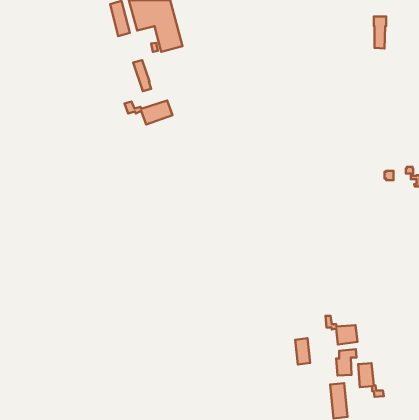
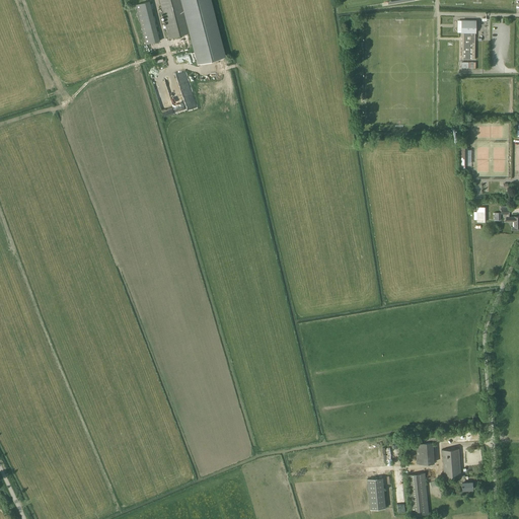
building: [125,100,173,125] -> none
building: [325,316,358,344] -> none
building: [295,338,310,364] -> [368,477,386,510]

